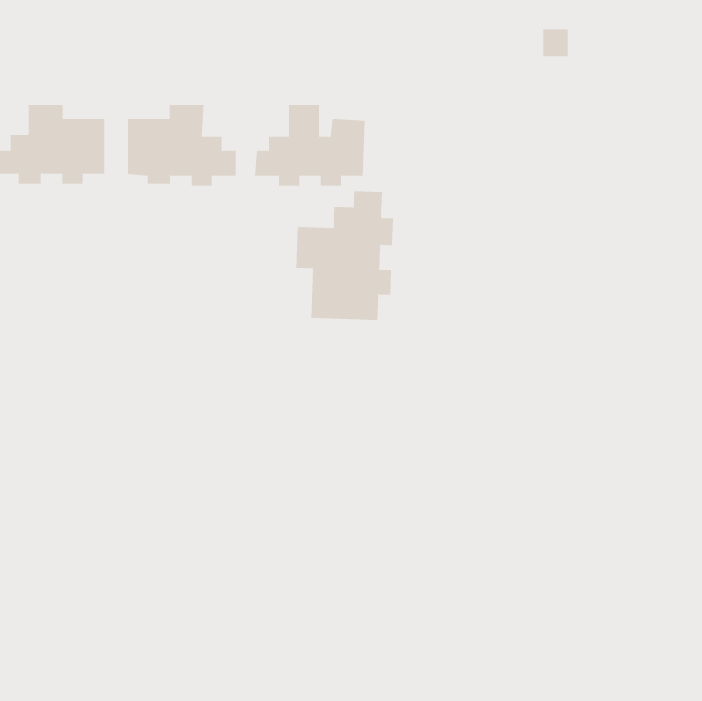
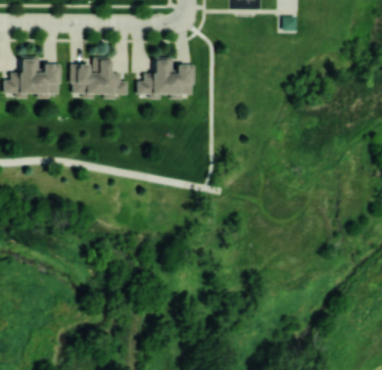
building: [296,190,394,321] -> none

